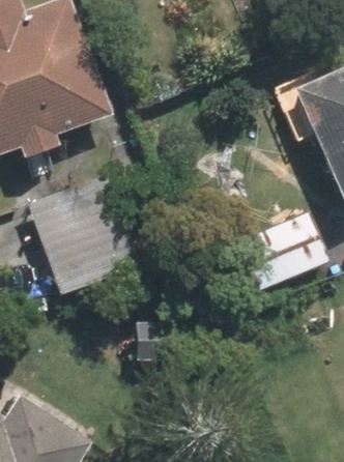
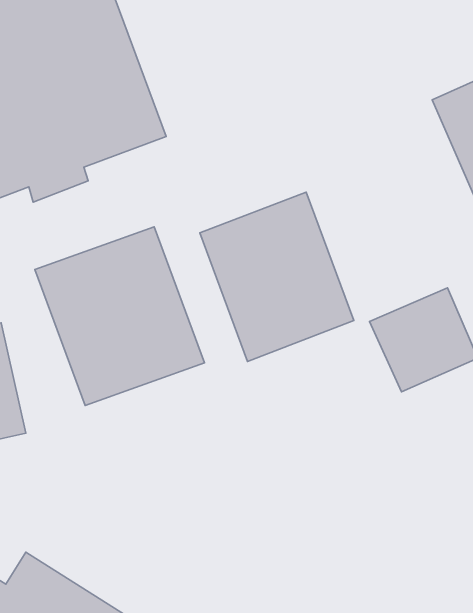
building: none -> [200,192,354,361]

